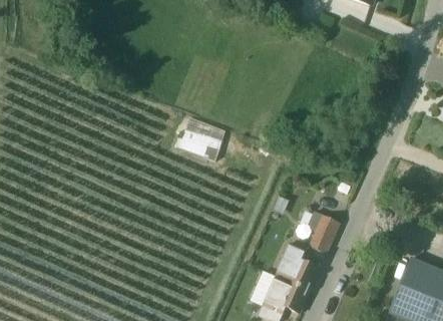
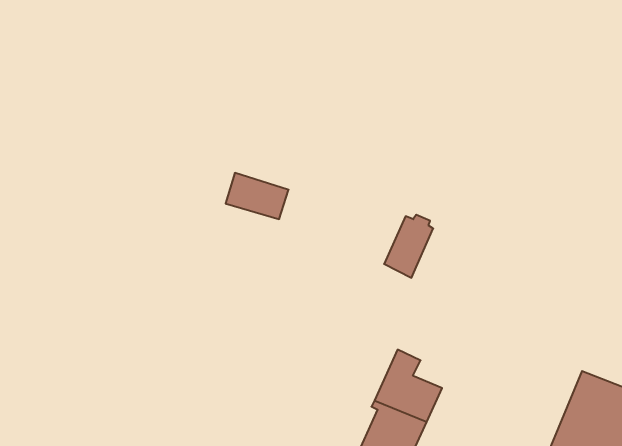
building: [309,215,341,256] -> [384,215,433,278]

